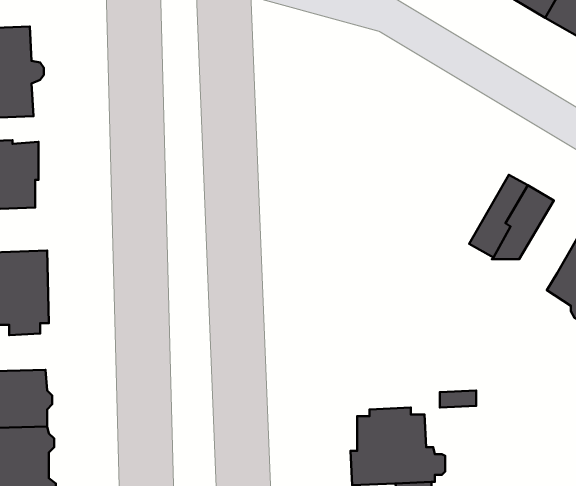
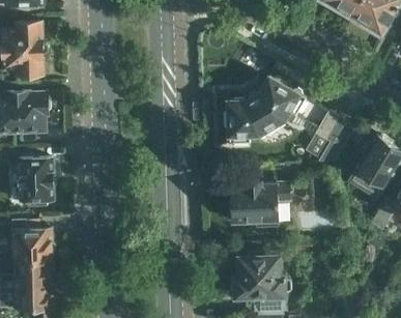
building: none -> [227,76,307,143]
building: none -> [230,179,288,227]

